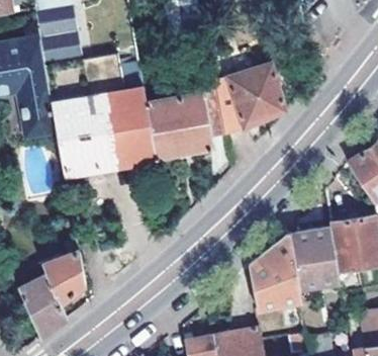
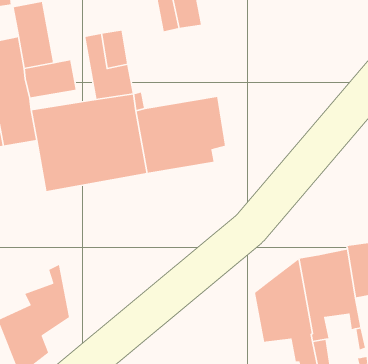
building: [213,63,284,135] -> none

